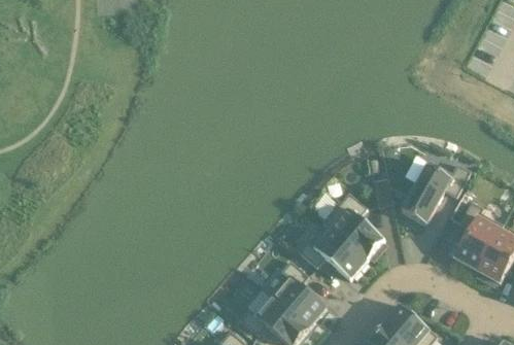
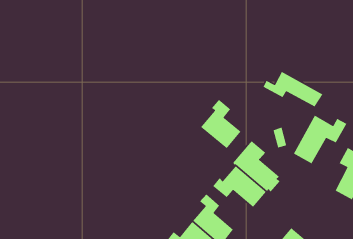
building: none -> [263,71,323,108]
building: none -> [200,99,241,149]

